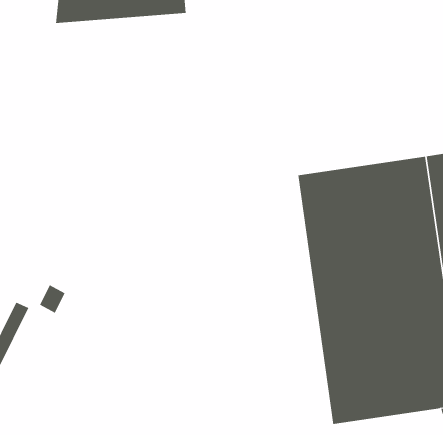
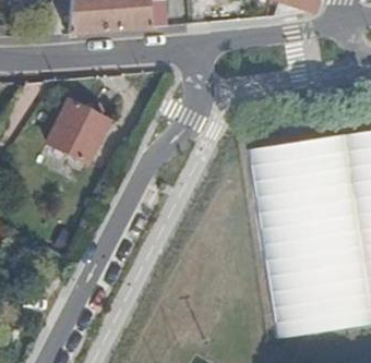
building: none -> [50,101,109,162]

